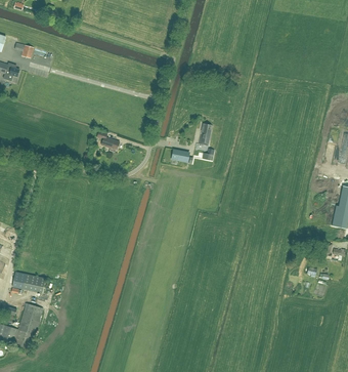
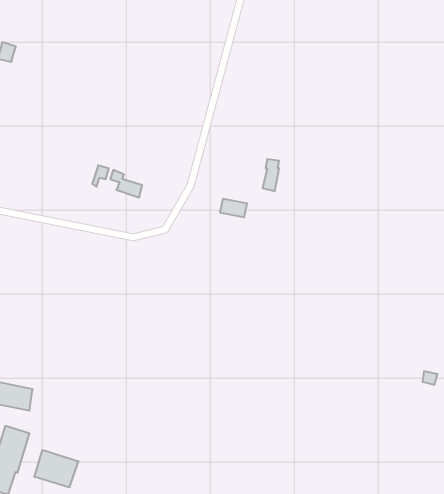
building: none -> [34,450,78,487]

